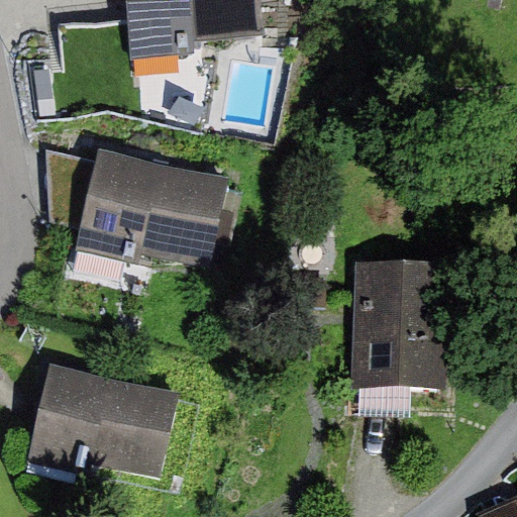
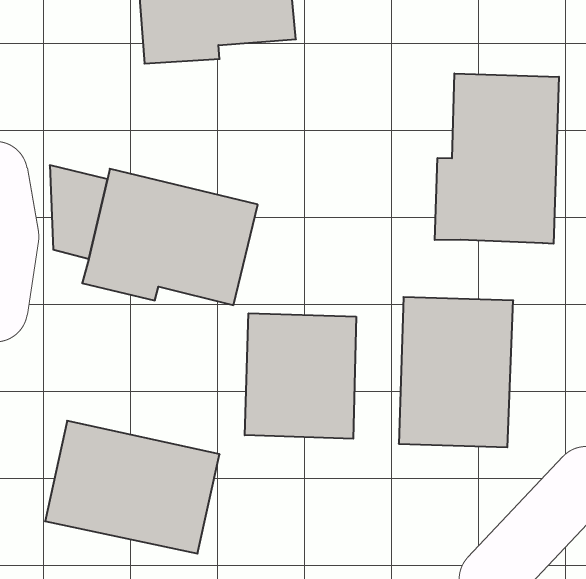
building: none -> [435,73,559,244]
building: none -> [245,313,356,439]

